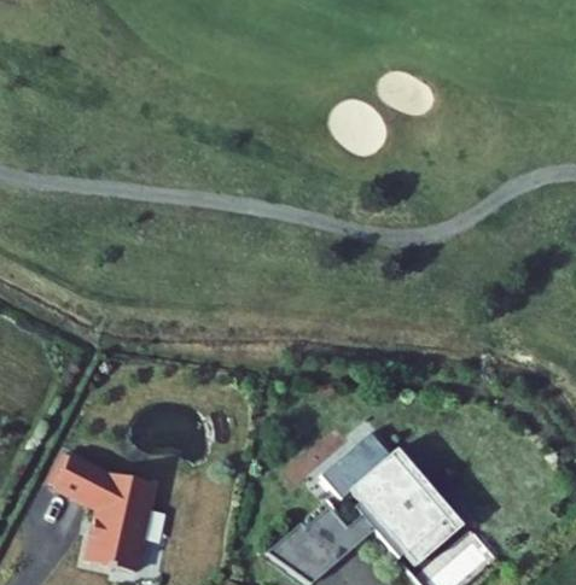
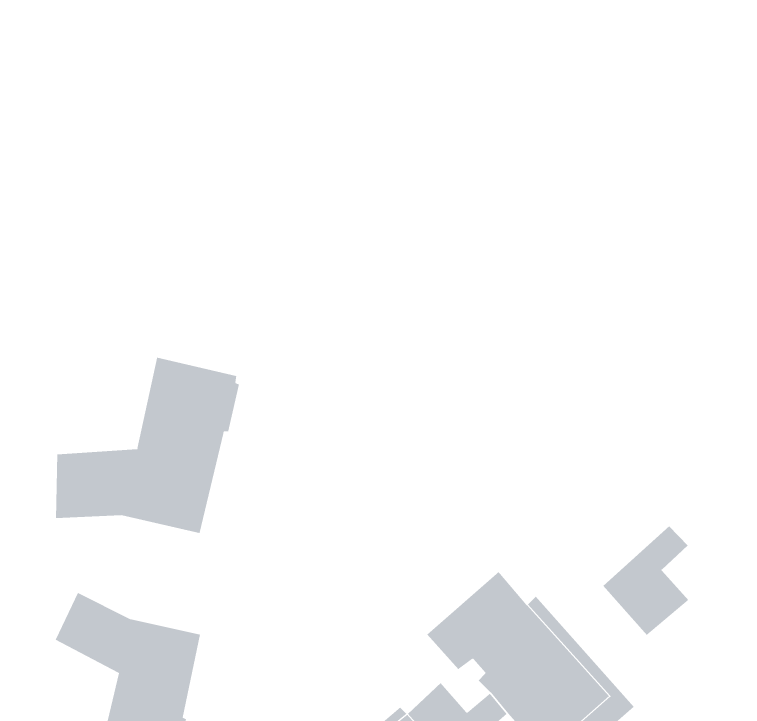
building: none -> [55,357,239,534]
building: none -> [603,526,689,636]

